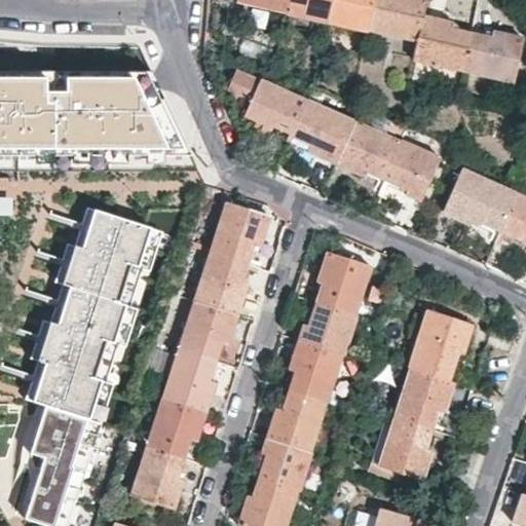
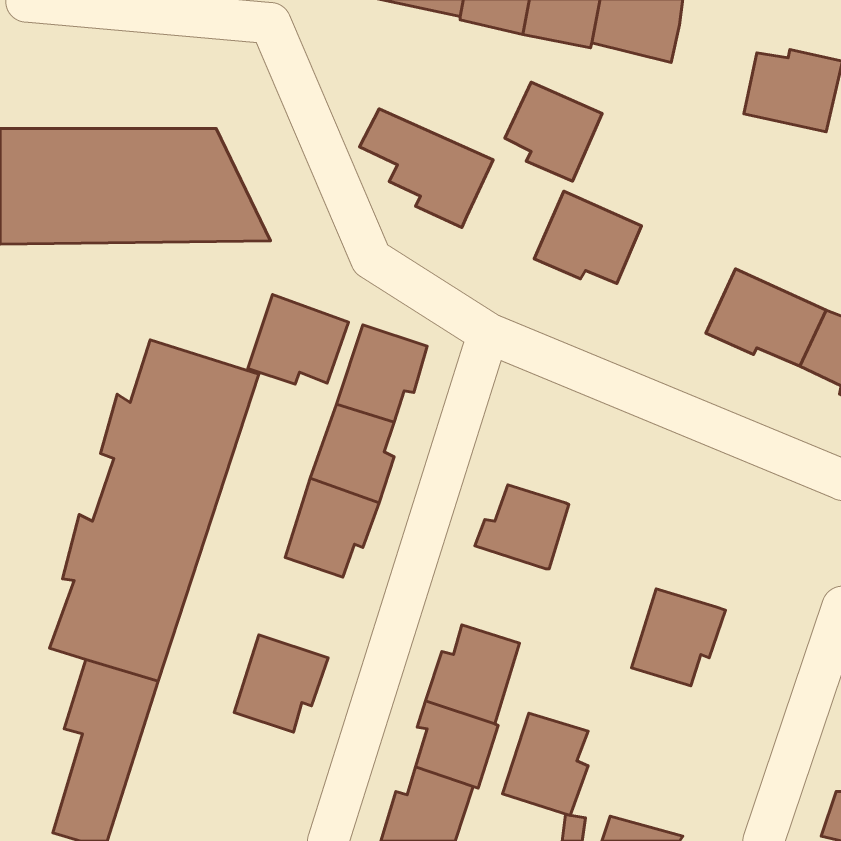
building: [415,15,473,71] -> none
building: [292,100,352,161] -> [505,82,602,181]
building: [385,140,439,199] -> none
building: none -> [248,295,348,384]
building: [316,251,369,313] -> none
building: [408,308,471,378] -> none
building: [289,340,341,401] -> none
building: [162,347,215,410] -> none
building: [378,416,431,480] -> [503,713,588,815]
building: [130,444,184,509] -> none

